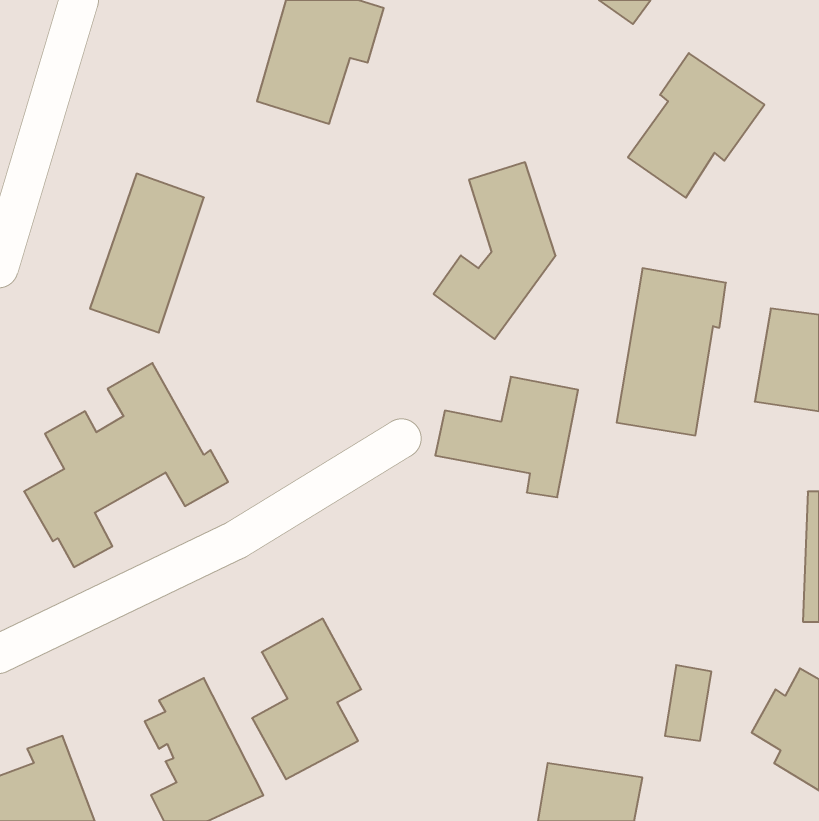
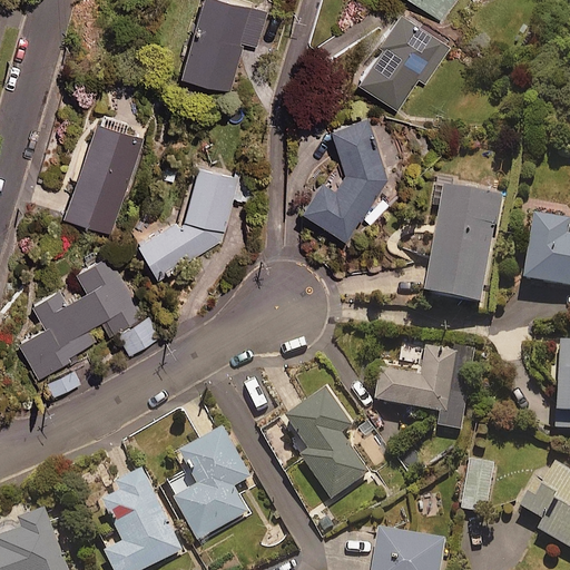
building: [628,53,764,198] -> [356,7,451,107]
building: none -> [136,164,245,274]
building: [435,377,578,497] -> [375,346,474,430]
building: none -> [278,385,367,499]

